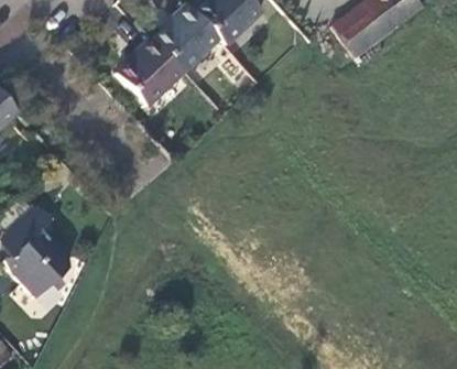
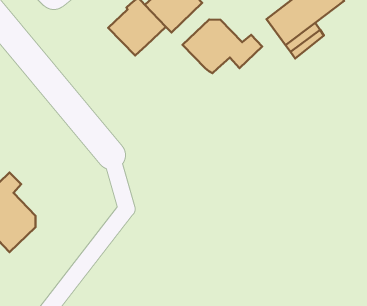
building: none -> [183,19,262,73]
building: [117,35,183,104] -> none

